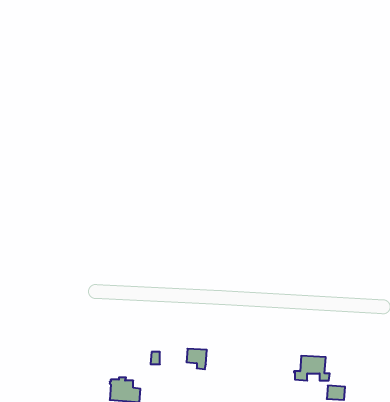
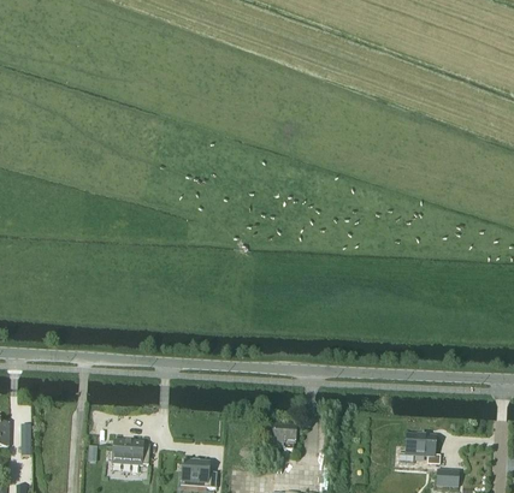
building: none -> [112,440,149,464]

